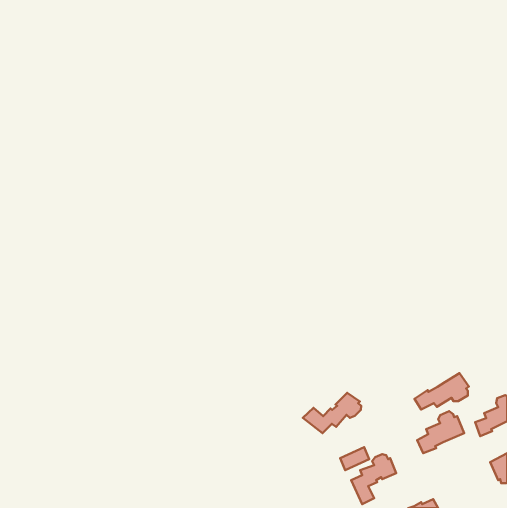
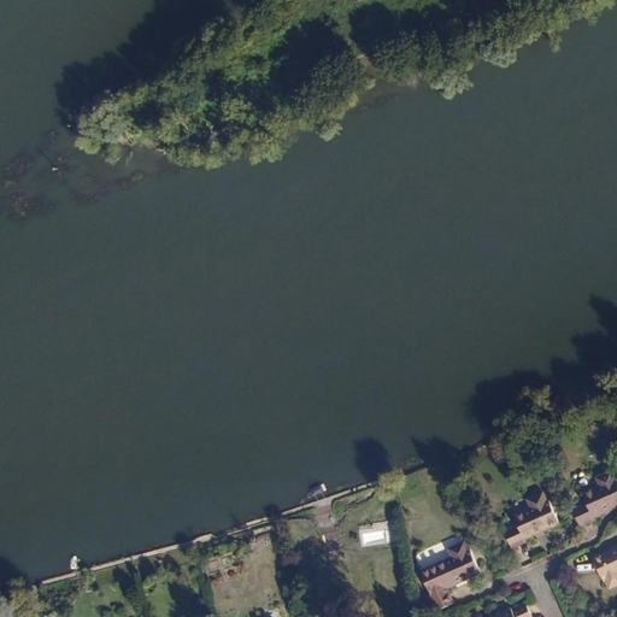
building: [414,373,469,410] -> none
building: [303,393,361,433] -> none

